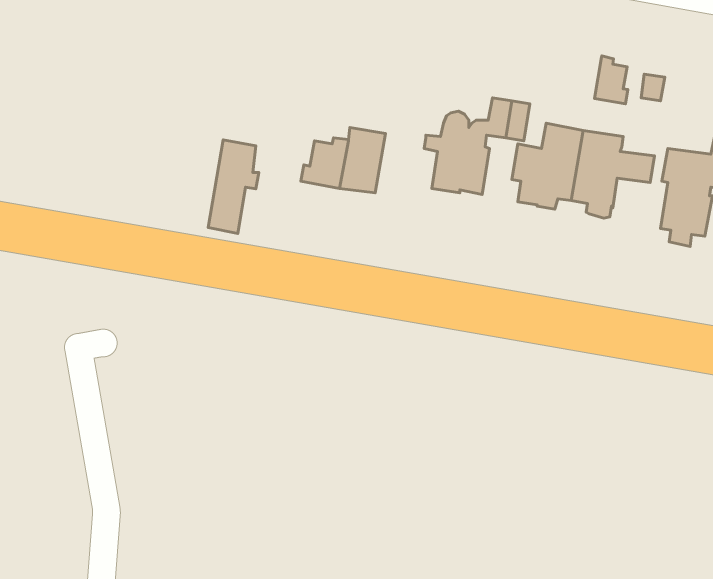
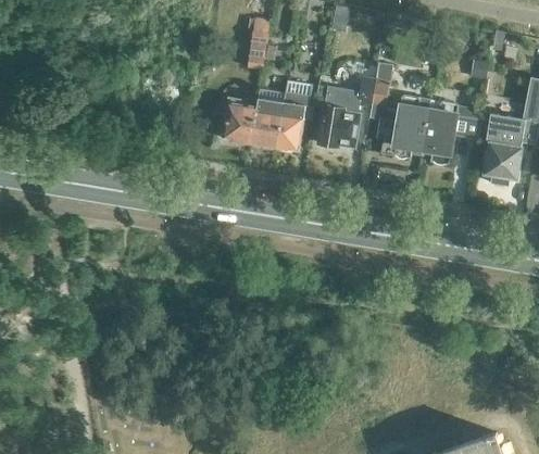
building: none -> [247,15,270,70]
building: [594,56,628,104] -> none
building: [208,140,259,233] -> [276,83,313,151]

